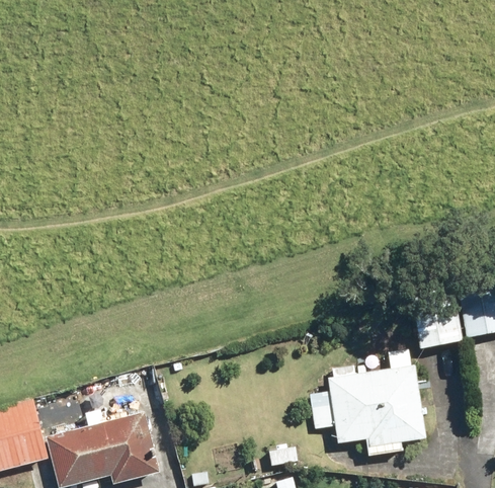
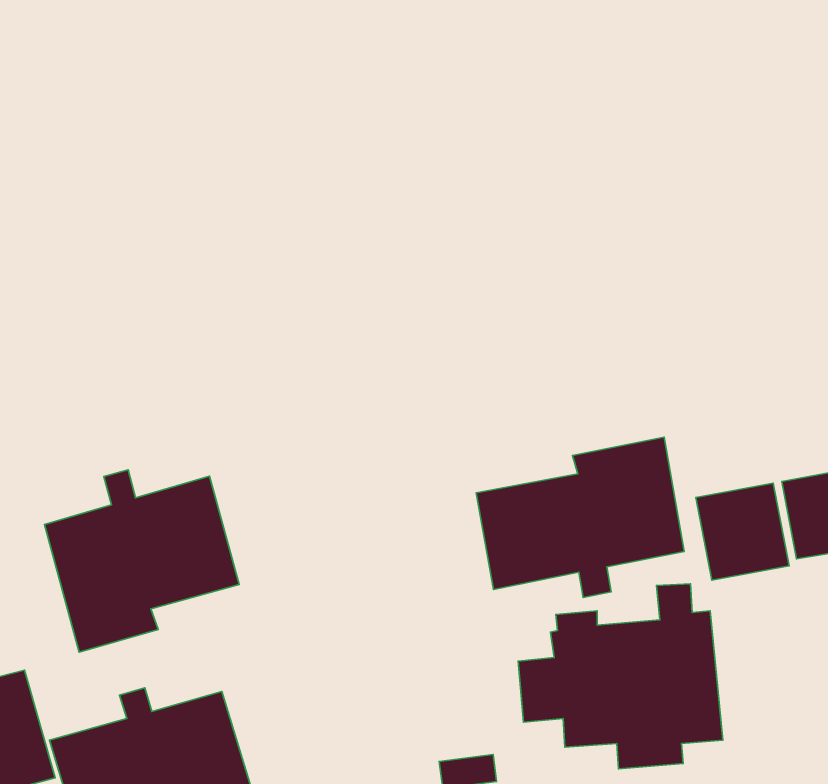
building: none -> [476,437,684,597]
building: none -> [44,470,239,652]

